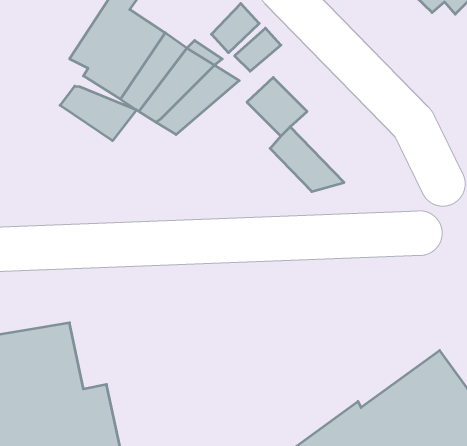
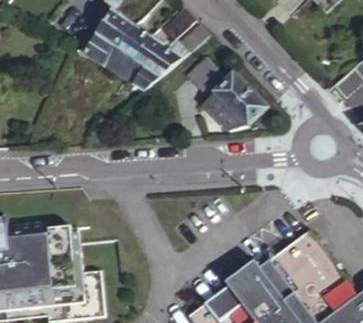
building: [60,86,136,141] -> none
building: none -> [216,74,267,126]

